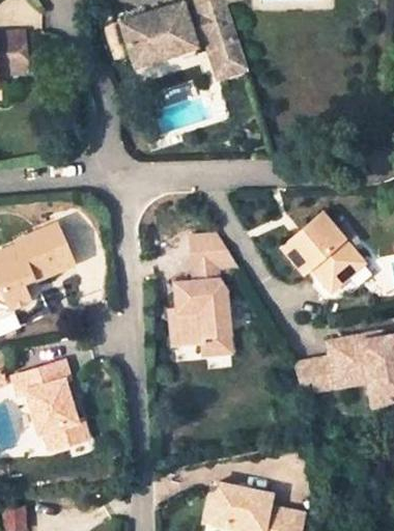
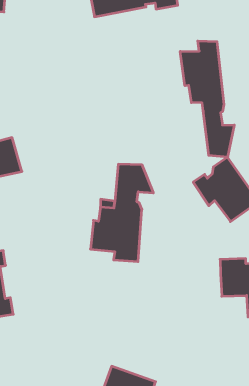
building: [209,36,246,74] -> none
building: none -> [180,41,234,157]
building: [293,356,338,389] -> none

